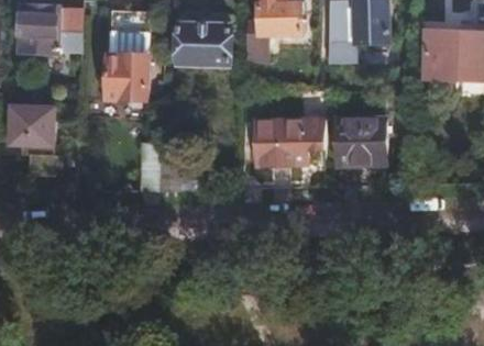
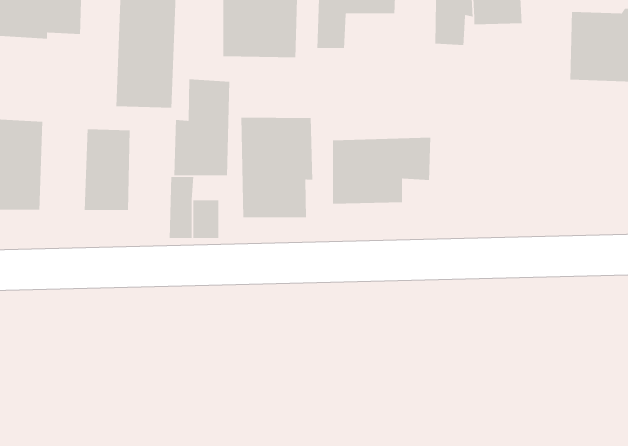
building: none -> [174,78,230,176]
building: none -> [240,117,313,218]
building: none -> [84,128,131,211]
building: [338,120,387,163] -> none

